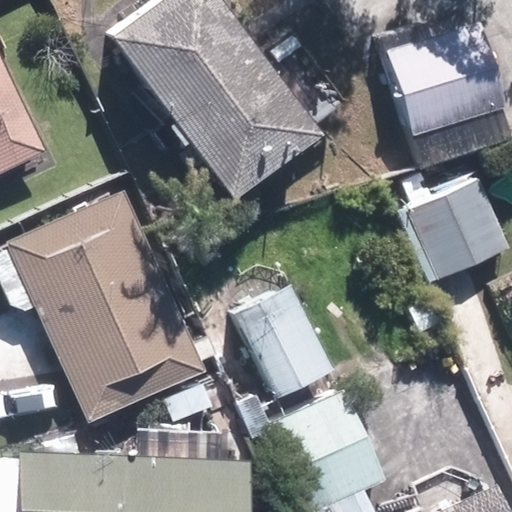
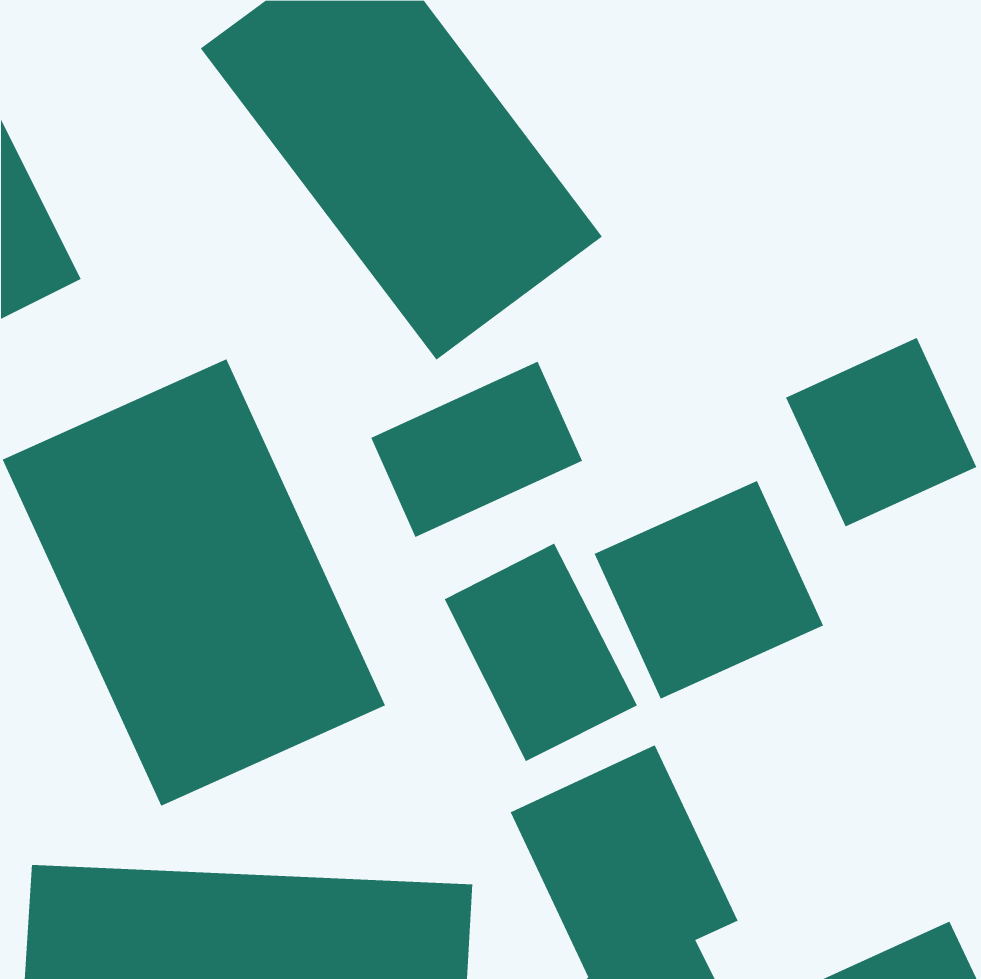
building: [383,24,505,136] -> none
building: none -> [370,361,583,538]
building: none -> [594,480,824,699]

